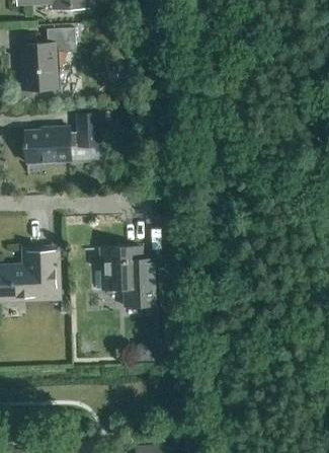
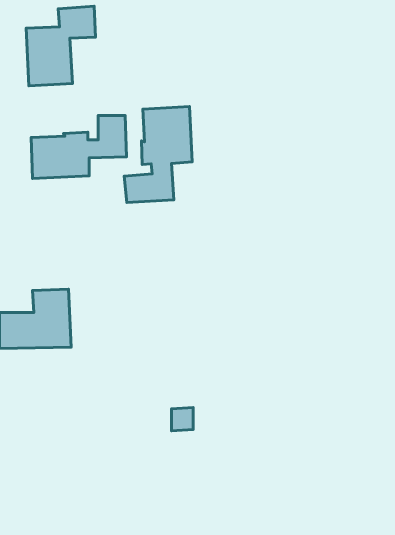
building: none -> [124,107,192,202]
building: [95,246,158,306] -> none

